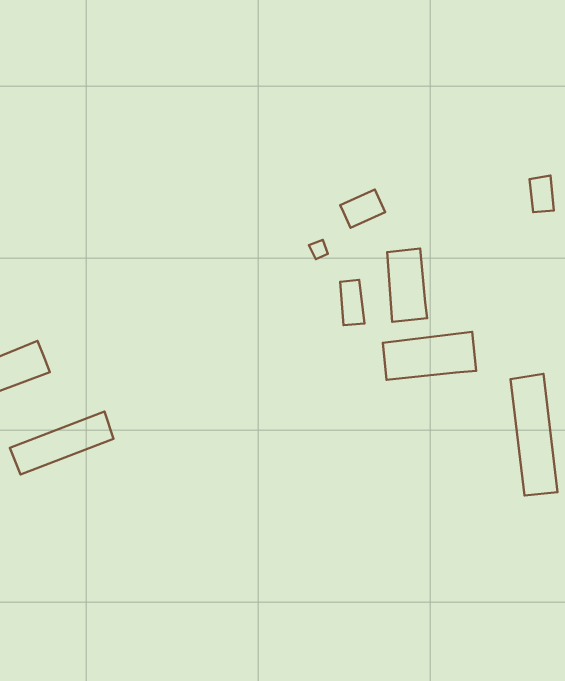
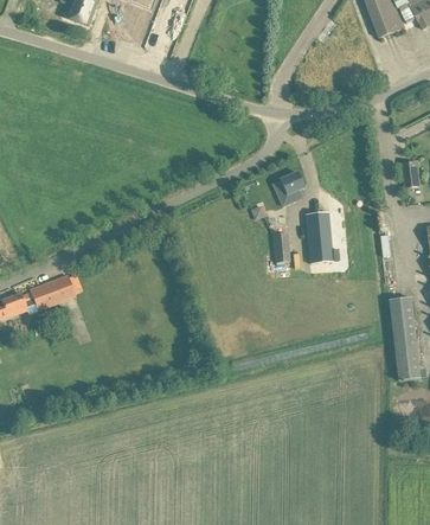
building: [383,332,476,380] -> none
building: [10,412,114,475] -> none

